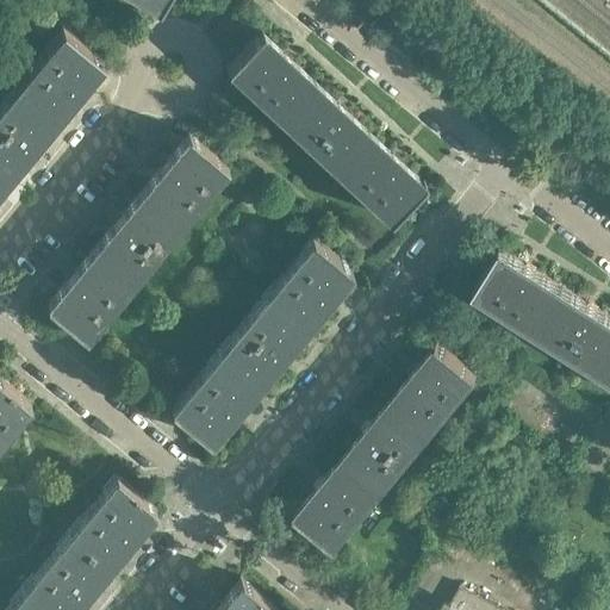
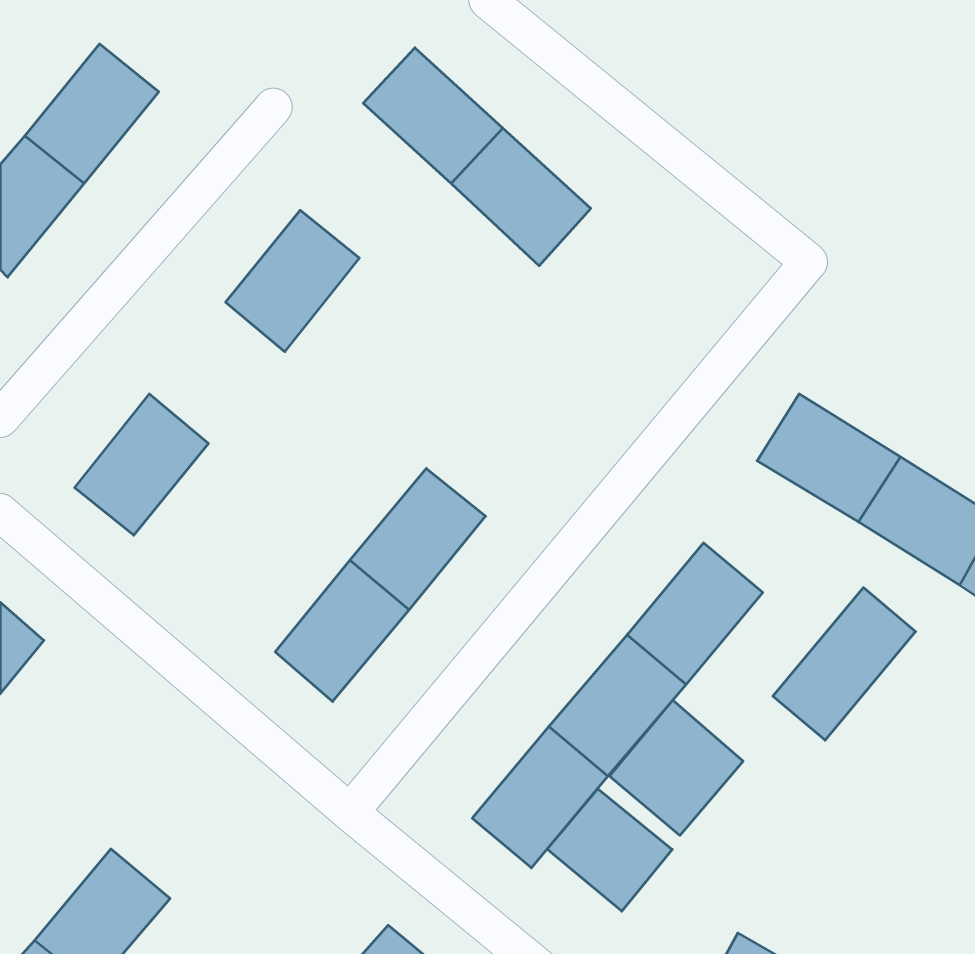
building: [337,144,424,230] -> none
building: [94,203,179,291] -> none
building: [267,249,350,336] -> none
building: none -> [773,588,916,740]
building: none -> [610,700,743,835]
building: [70,486,154,574] -> none
building: none -> [547,789,672,911]

